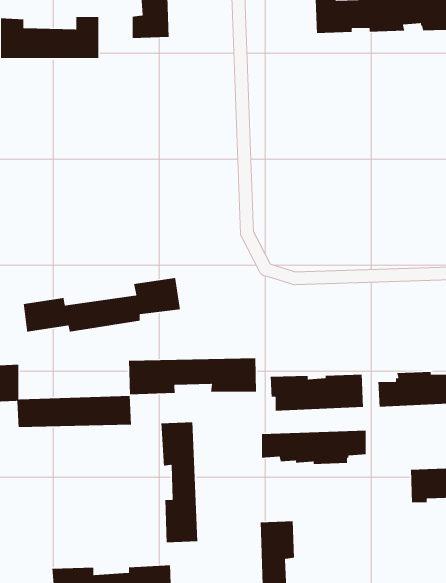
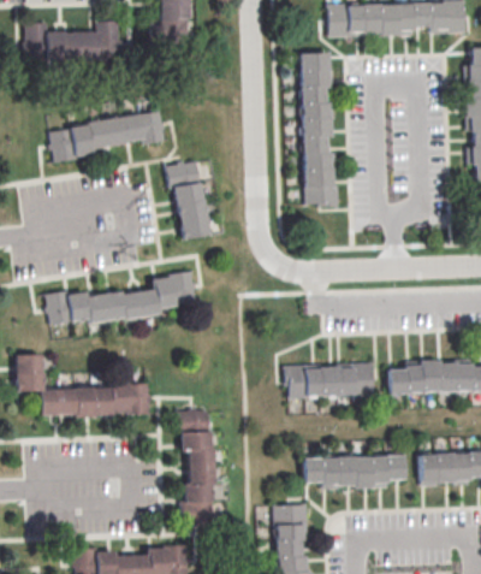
building: none -> [299,52,339,208]
building: none -> [52,110,167,161]
building: none -> [168,159,212,238]
building: [128,358,257,395] -> none
building: [261,430,367,465] -> [304,456,405,490]

